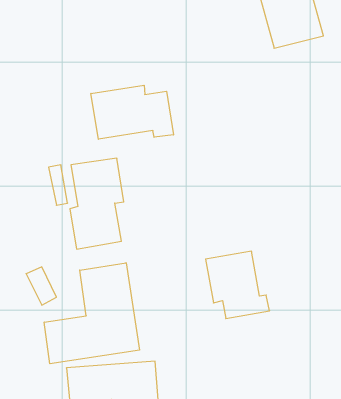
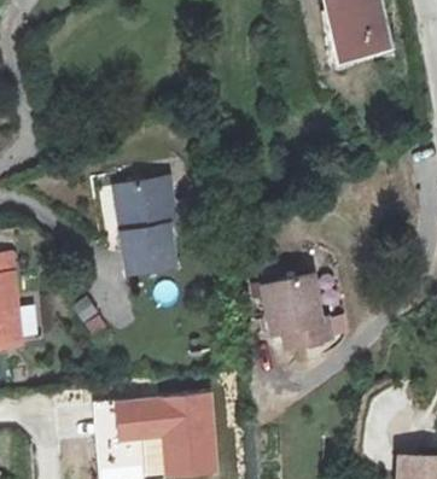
building: [91,85,173,139] -> none
building: [44,263,139,364] -> none

